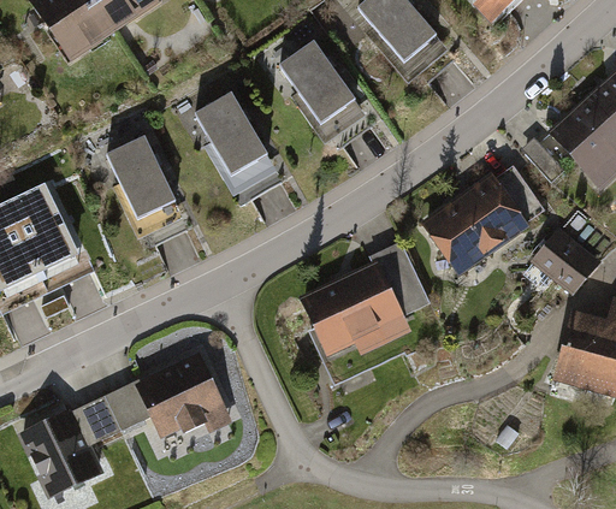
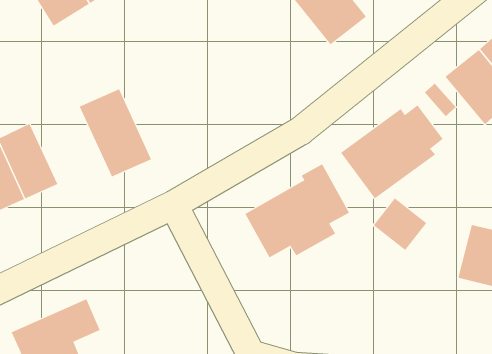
building: [273,39,371,147] -> none
building: [189,93,279,201] -> none
building: [533,220,599,285] -> [373,197,427,251]
building: [109,353,230,445] -> none

